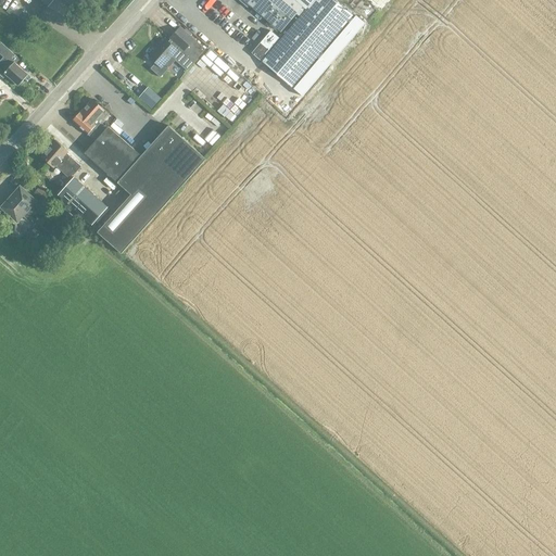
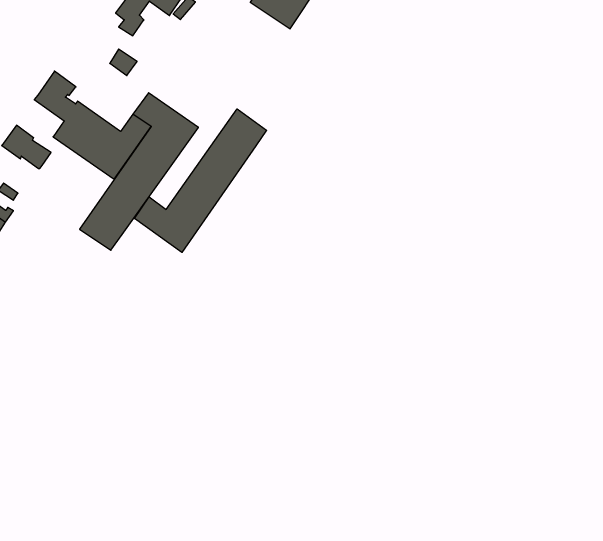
building: none -> [134,109,267,252]
building: [56,177,108,225] -> none

